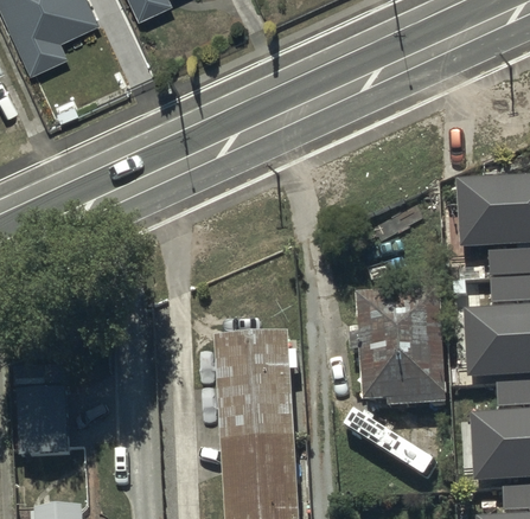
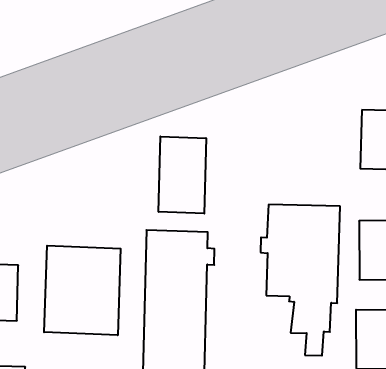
building: none -> [159,136,206,214]
building: none -> [44,246,121,335]

